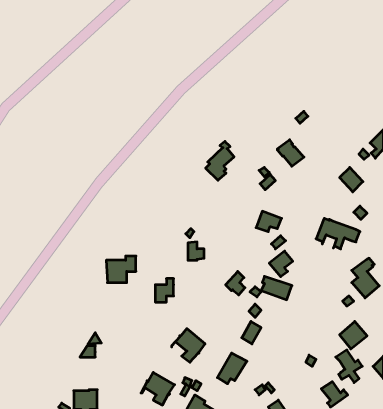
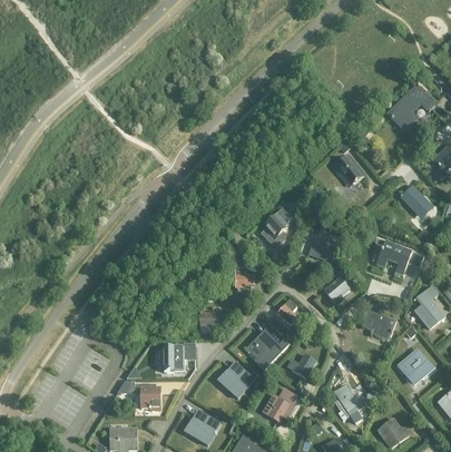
building: none -> [389,86,434,124]
building: [206,141,234,180] -> [262,204,293,246]
building: [106,256,136,283] -> [163,342,195,371]
building: [261,276,292,300] -> [362,309,395,335]
building: none -> [253,330,287,367]
building: none -> [140,383,160,409]
building: [336,350,362,383] -> [334,384,363,420]

